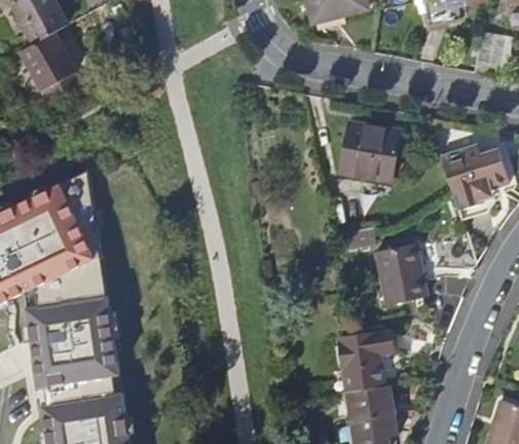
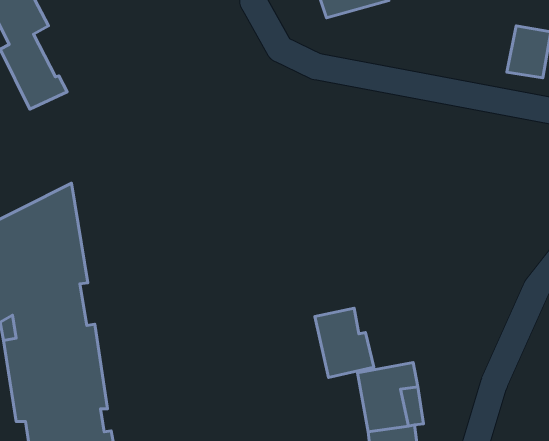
building: [341,123,400,182] -> none
building: [436,144,505,210] -> none
building: [375,246,428,307] -> [315,308,374,378]

